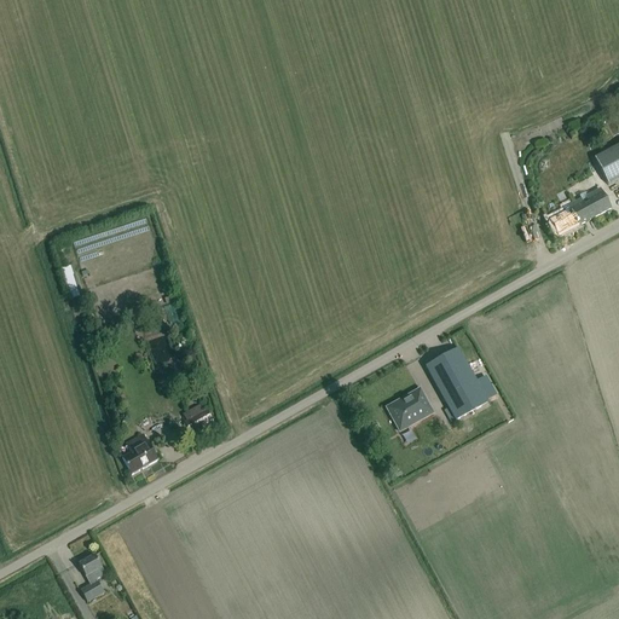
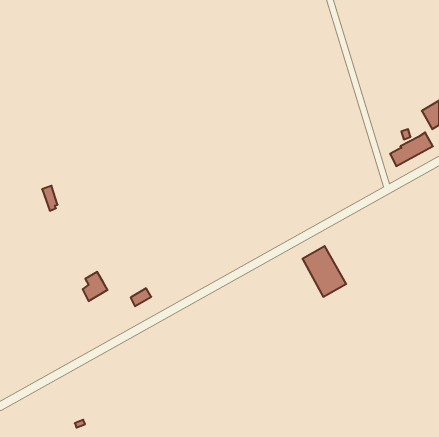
building: [386,387,433,429] -> none
building: [122,432,157,473] -> [83,272,108,301]
building: [79,553,105,598] -> none

